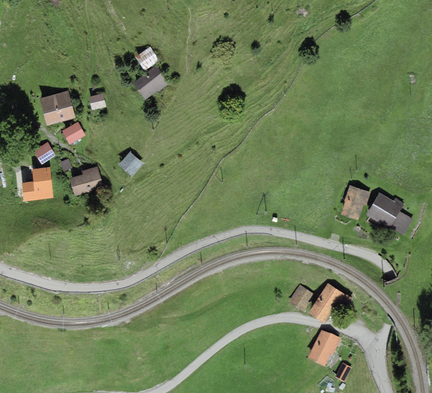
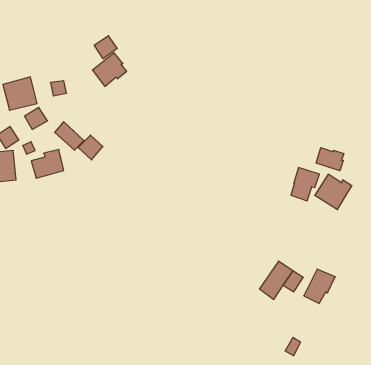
building: none -> [55,122,84,150]
building: none -> [316,148,344,171]
building: [288,285,315,312] -> none
building: [308,330,341,366] -> [304,269,335,303]

